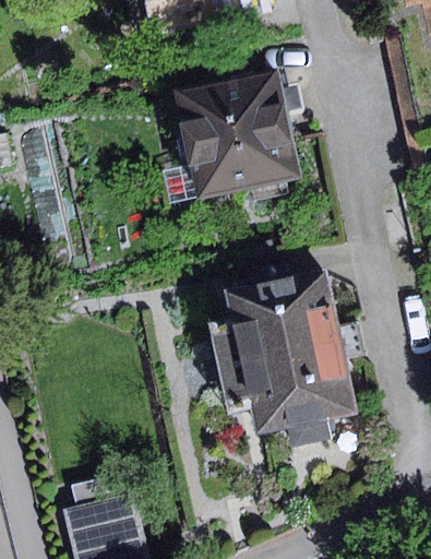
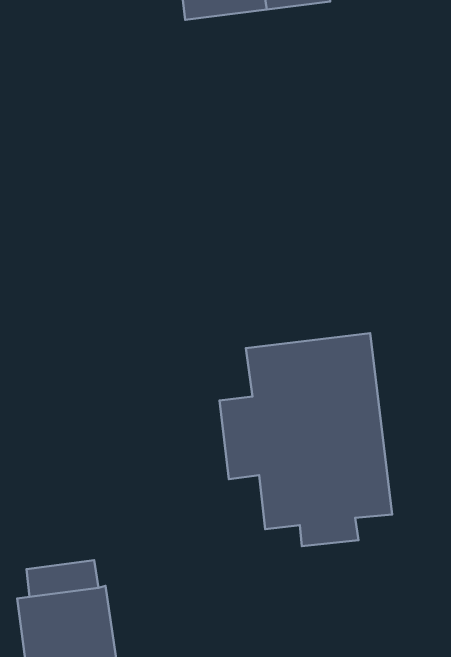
building: [172,67,301,199] -> none

